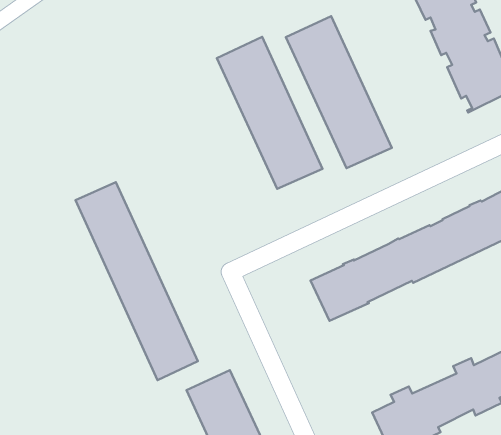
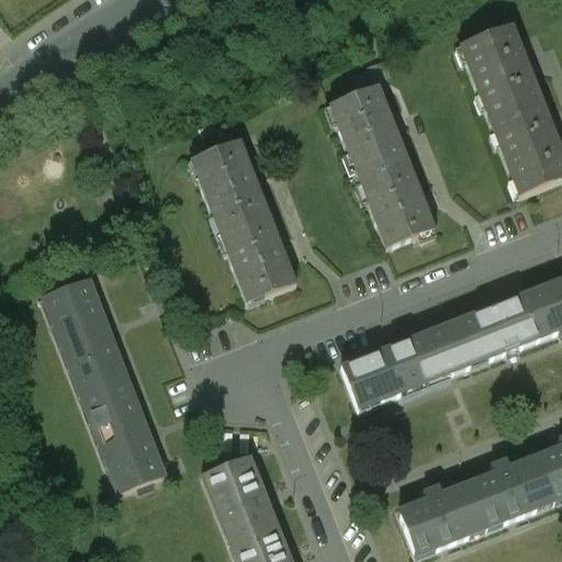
building: [217,37,323,189] -> [191,139,296,302]
building: [76,182,198,380] -> [45,279,165,492]

